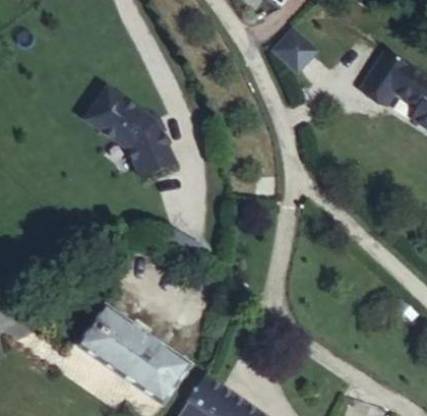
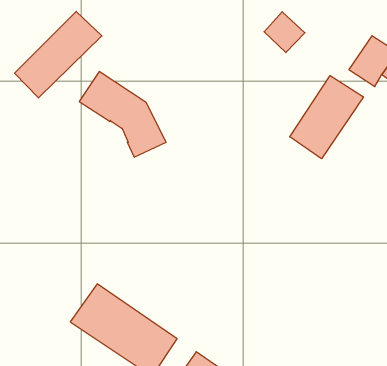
building: none -> [15,11,102,98]
building: none -> [290,76,363,159]

